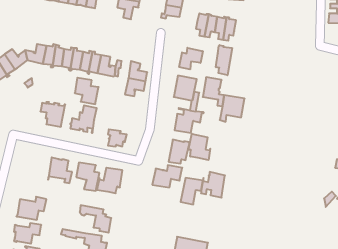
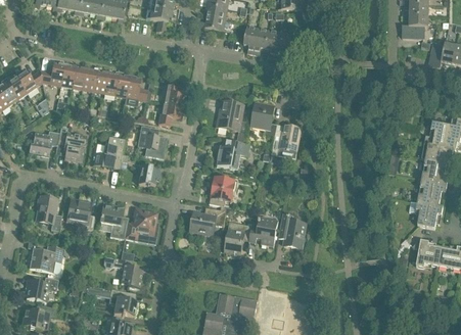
building: [216,45,232,75] -> none
building: [179,48,203,69] -> none
building: [75,78,99,104] -> [137,126,166,157]
building: none -> [28,131,58,156]
building: [188,134,210,160] -> none
building: none -> [36,197,60,231]
building: none -> [278,213,306,248]

